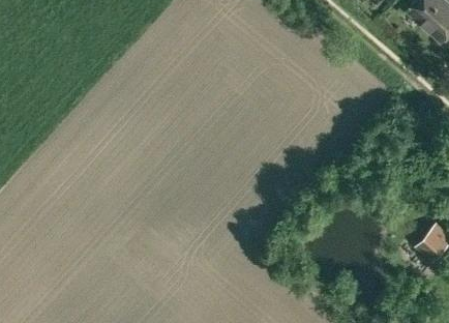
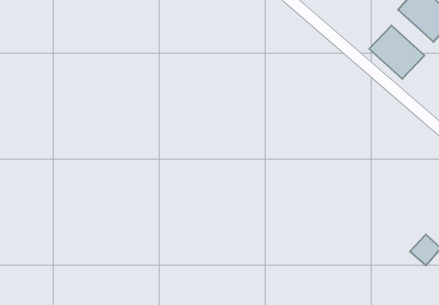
building: none -> [369,25,424,79]

